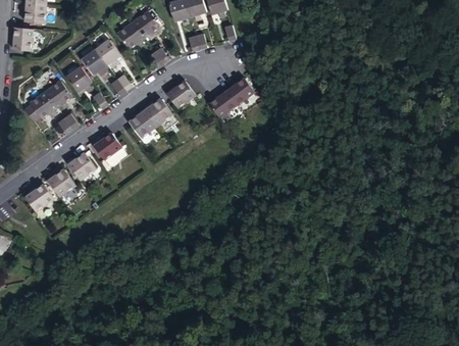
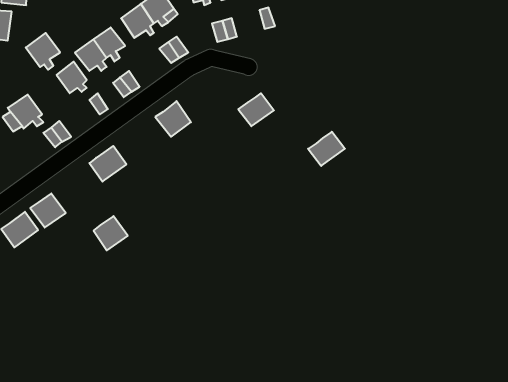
building: [224,79,253,105] -> [308,132,345,166]
building: [165,81,194,107] -> none
building: [44,82,70,110] -> [26,33,60,70]
building: [128,110,155,137] -> none
building: [67,153,94,180] -> [94,216,128,250]

